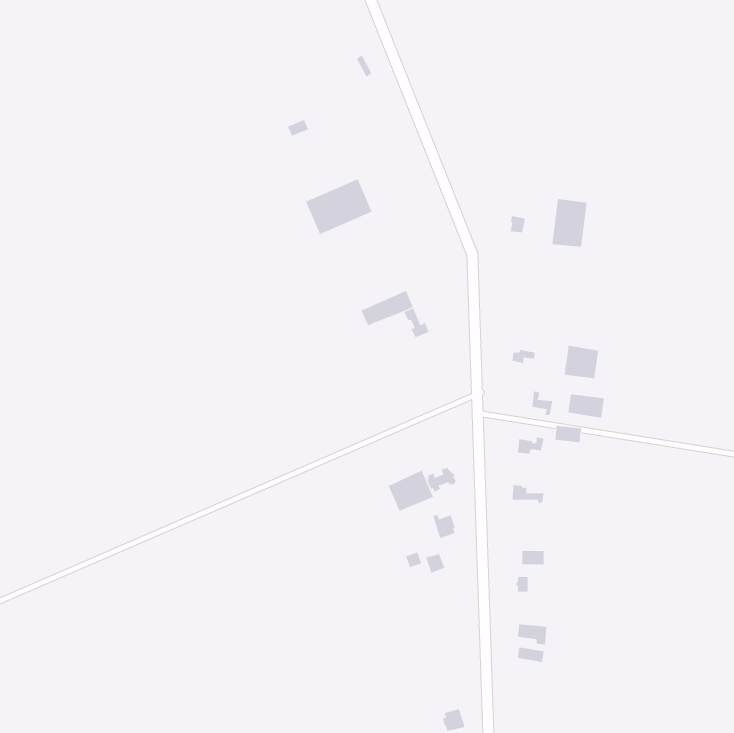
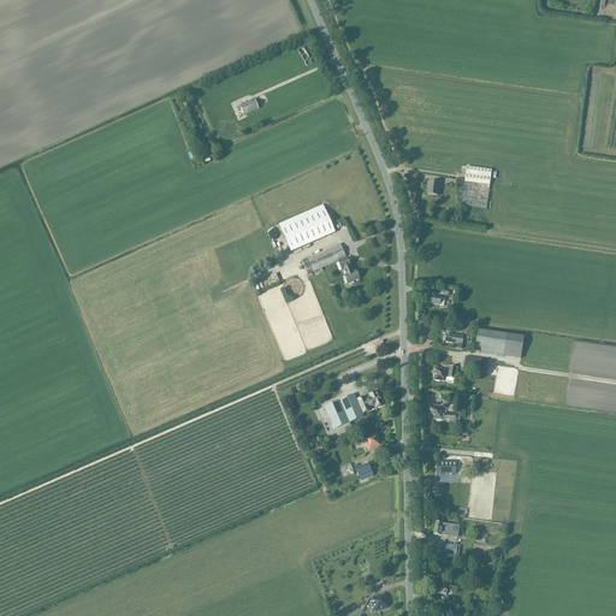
building: [305,179,373,235] -> [279,205,336,251]
building: [564,345,599,379] -> none

